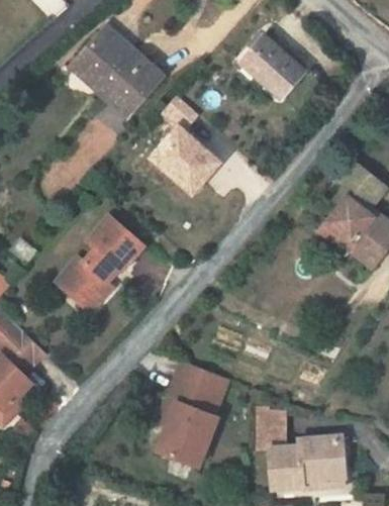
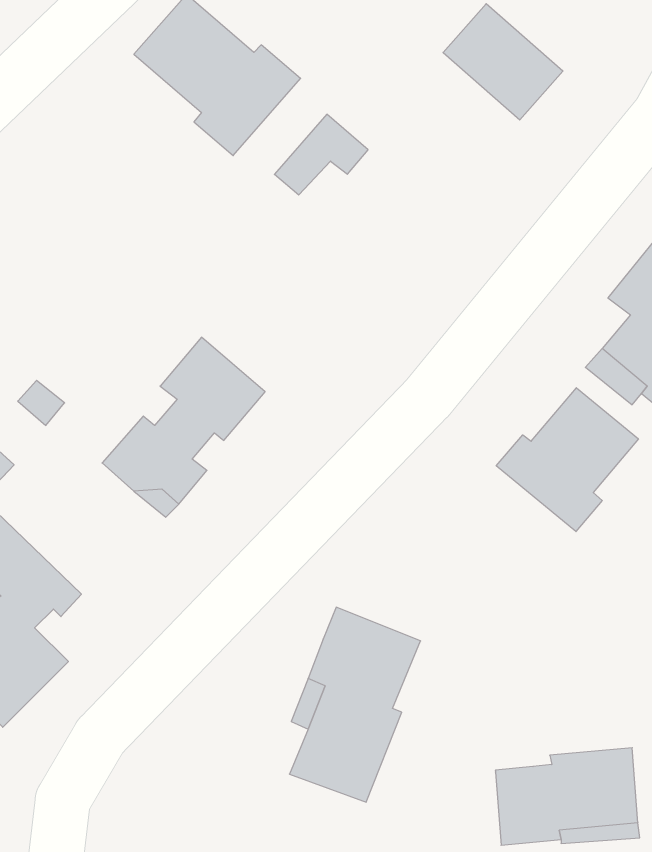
building: [153,126,221,193] -> none
building: none -> [496,388,638,532]
building: [253,407,289,451] -> none

